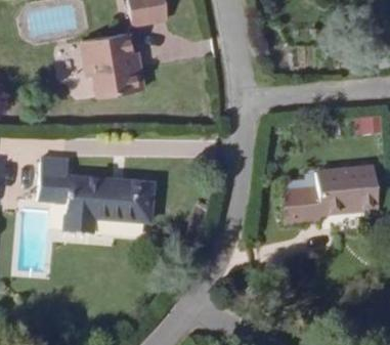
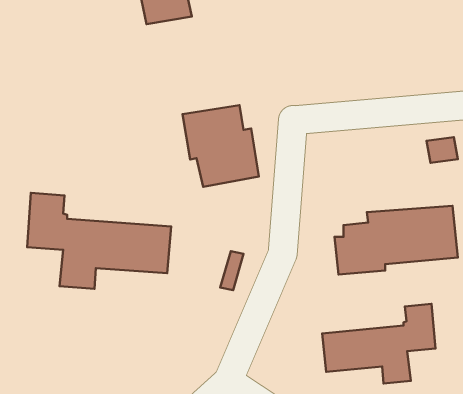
building: [83,33,143,97] -> [182,105,259,187]
building: none -> [322,304,436,383]

